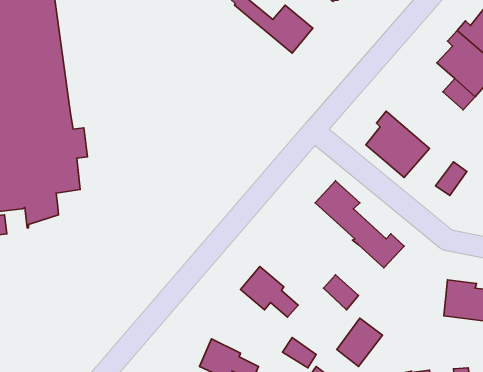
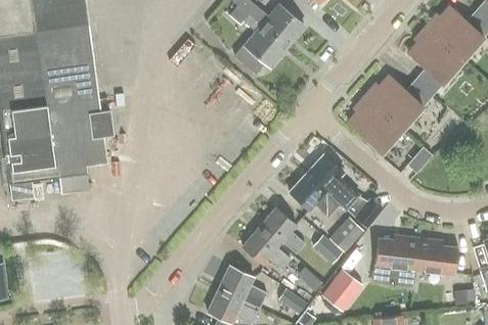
building: none -> [229,5,286,73]
building: none -> [366,77,423,127]
building: none -> [290,173,340,217]
building: none -> [259,207,305,253]
building: none -> [329,216,364,251]
building: none -> [374,235,418,269]
building: none -> [218,266,267,305]

